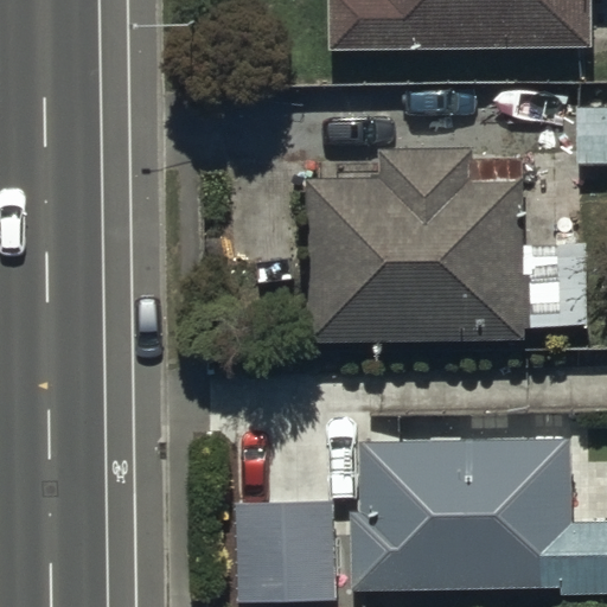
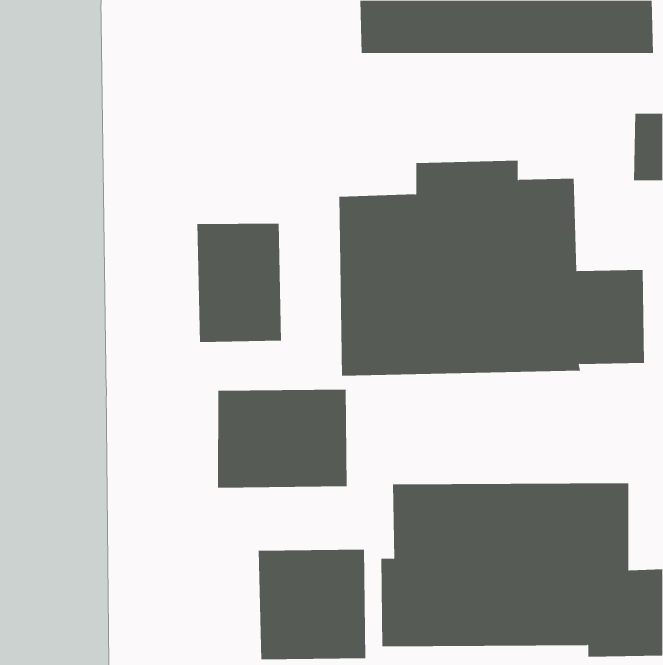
building: none -> [197,223,282,343]
building: none -> [217,389,347,489]

